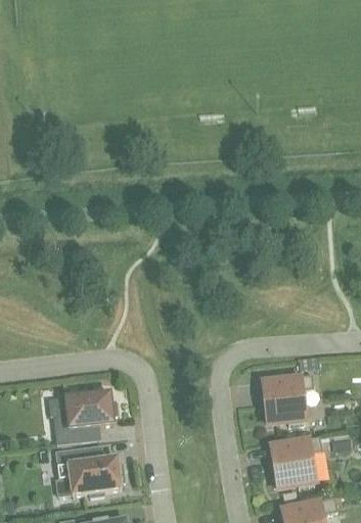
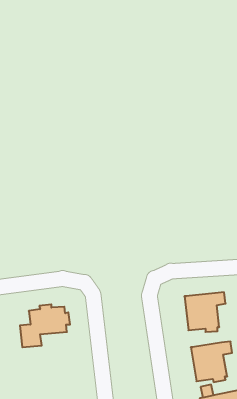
building: [55,446,125,495] -> none

